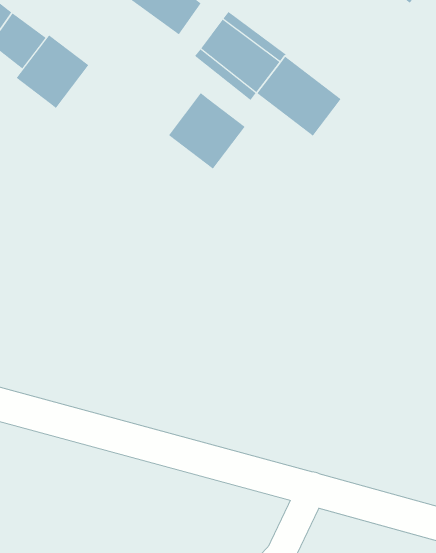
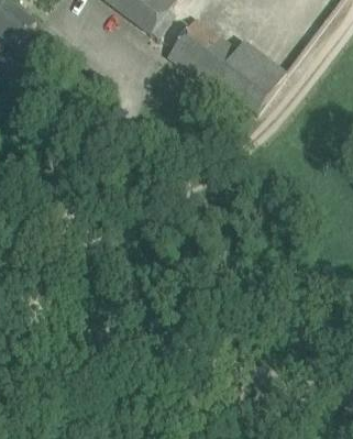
building: [16,34,89,109] -> none
building: [168,92,246,170] -> none

